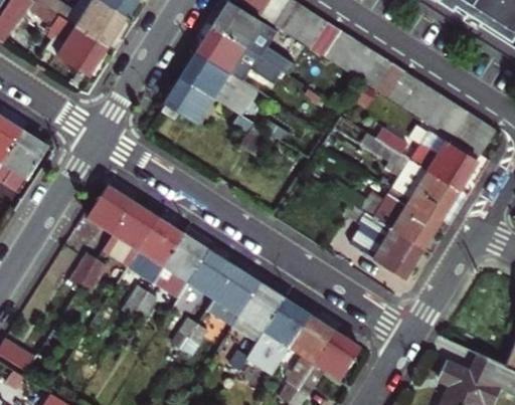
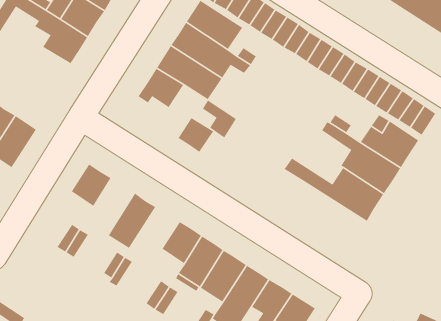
building: none -> [178,117,214,153]
building: [102,202,158,266] -> none
building: [340,205,418,277] -> none
building: [152,234,208,298] -> none

